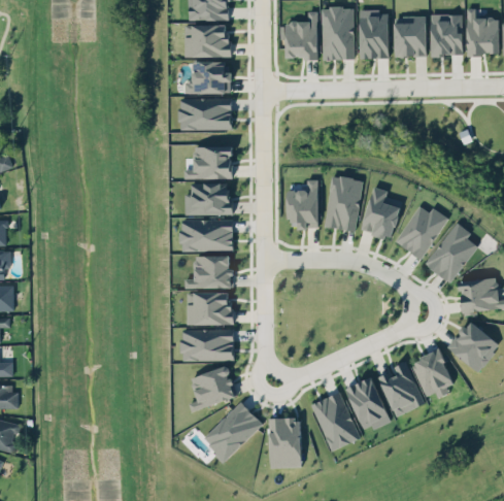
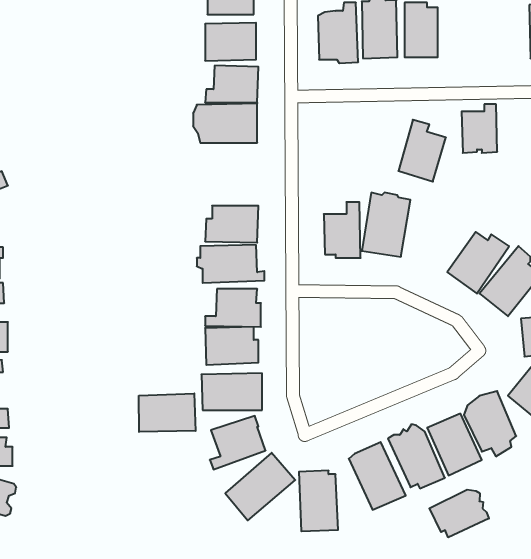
building: [394,14,425,57] -> [462,104,497,153]
building: [431,15,463,57] -> none
building: [180,142,233,177] -> none
building: [361,188,402,241] -> [398,120,446,182]
building: none -> [139,393,196,432]
building: none -> [429,490,489,537]

